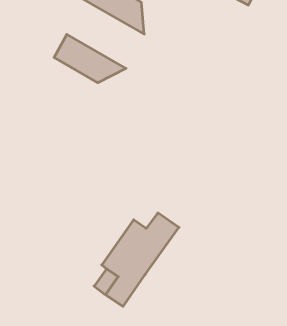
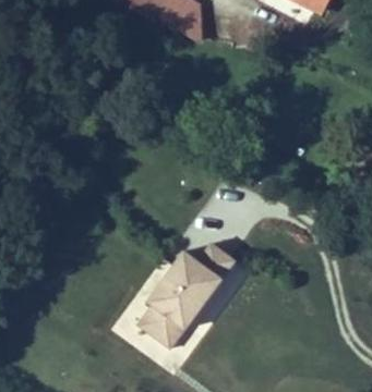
building: [54,34,126,83] -> none

